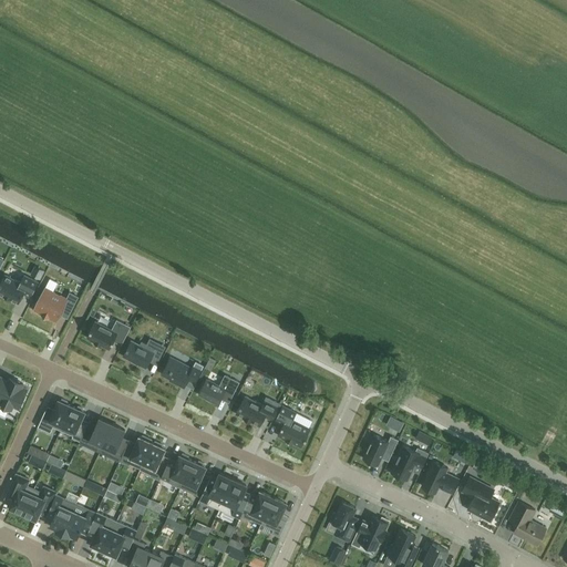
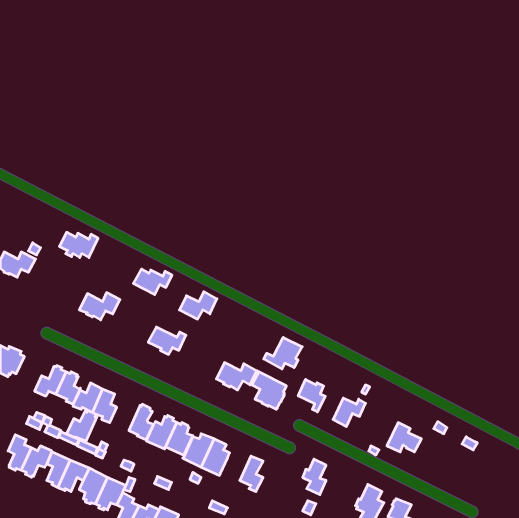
building: [35,291,78,319] -> [59,232,98,258]
building: [123,341,165,369] -> [133,269,172,295]
building: none -> [264,337,302,369]
building: [198,375,239,405] -> [179,292,217,319]
building: none -> [298,379,325,412]
building: [120,436,153,471] -> [67,410,97,442]
building: [391,446,429,481] -> none
building: [462,477,498,520] -> none
building: [240,492,274,525] -> none
building: [511,503,545,545] -> none
building: [352,516,390,550] -> none

